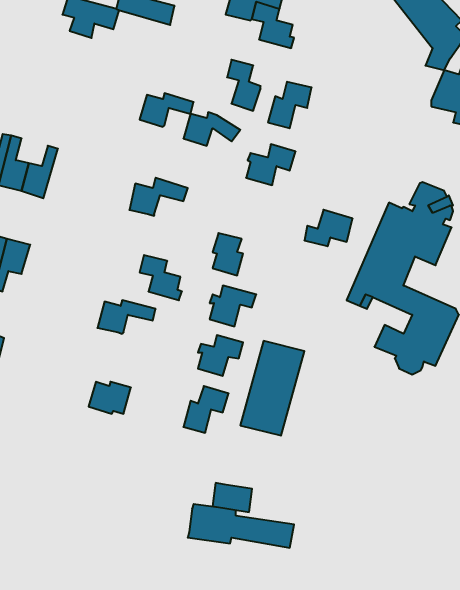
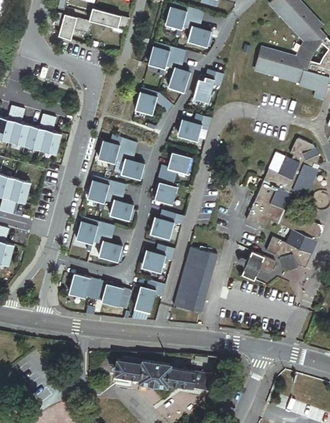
building: none -> [259,53,313,83]
building: [140,93,194,127] -> [147,45,184,68]
building: none -> [38,116,60,154]
building: none -> [114,148,143,179]
building: [304,210,353,246] -> [158,153,191,178]
building: none -> [86,179,125,202]
building: none -> [93,230,122,261]
building: none -> [240,252,275,281]
building: none -> [93,280,123,306]
building: [213,483,252,512] -> [113,359,140,379]

